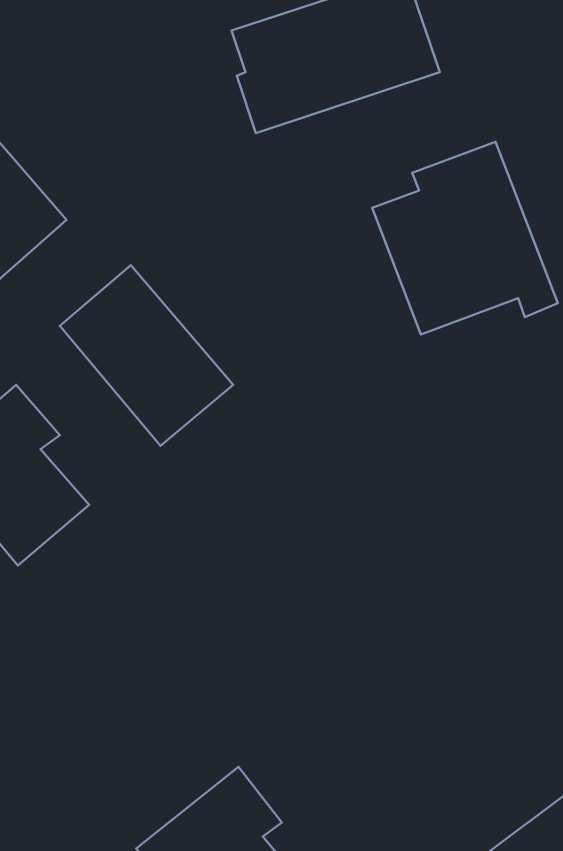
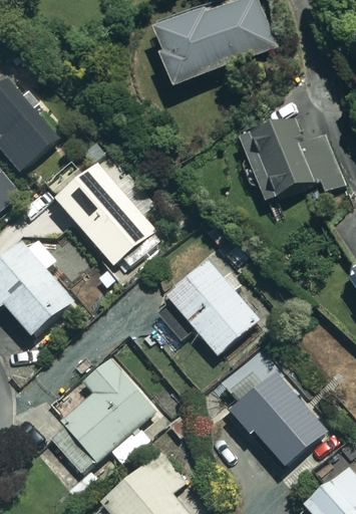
building: none -> [166,260,258,354]
building: none -> [46,358,158,472]
building: none -> [229,369,326,466]

